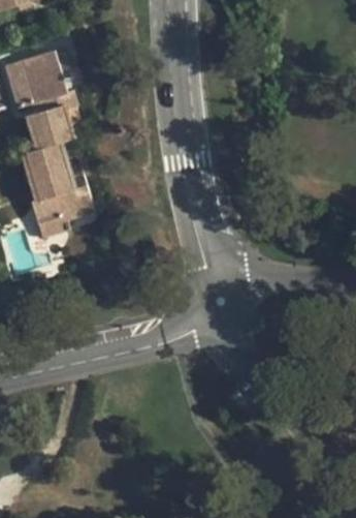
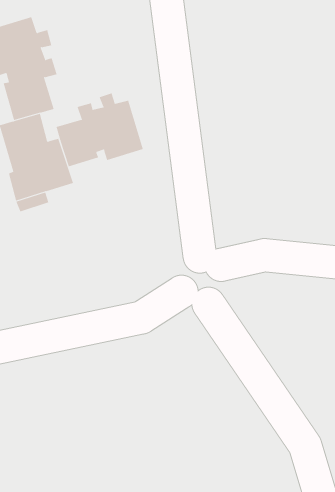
building: none -> [56,92,143,167]

